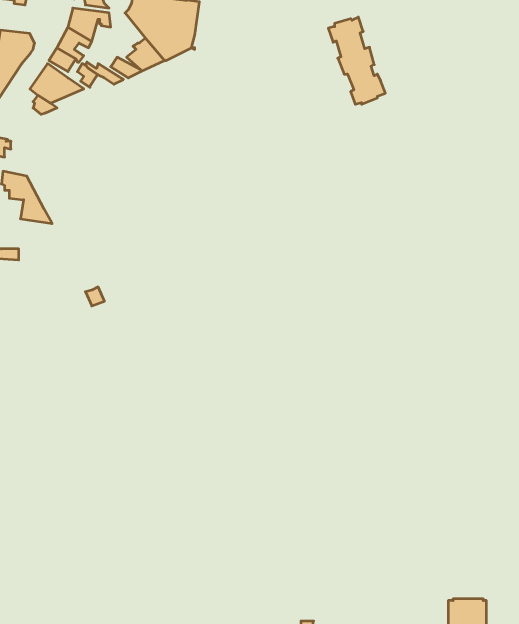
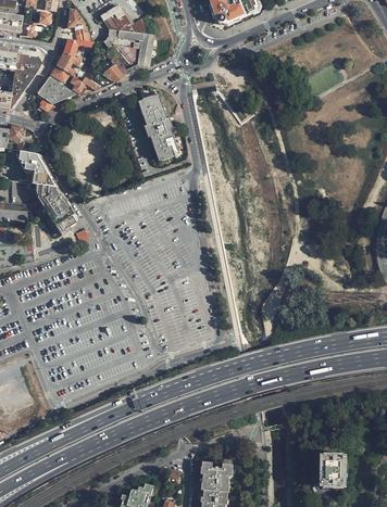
building: [328,17,385,104] -> [138,97,177,156]
building: none -> [28,182,76,233]

